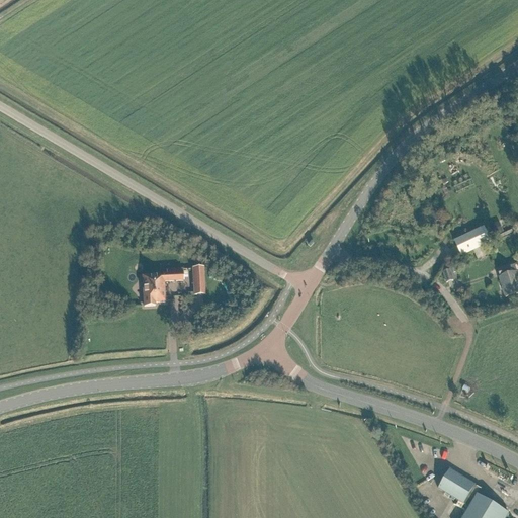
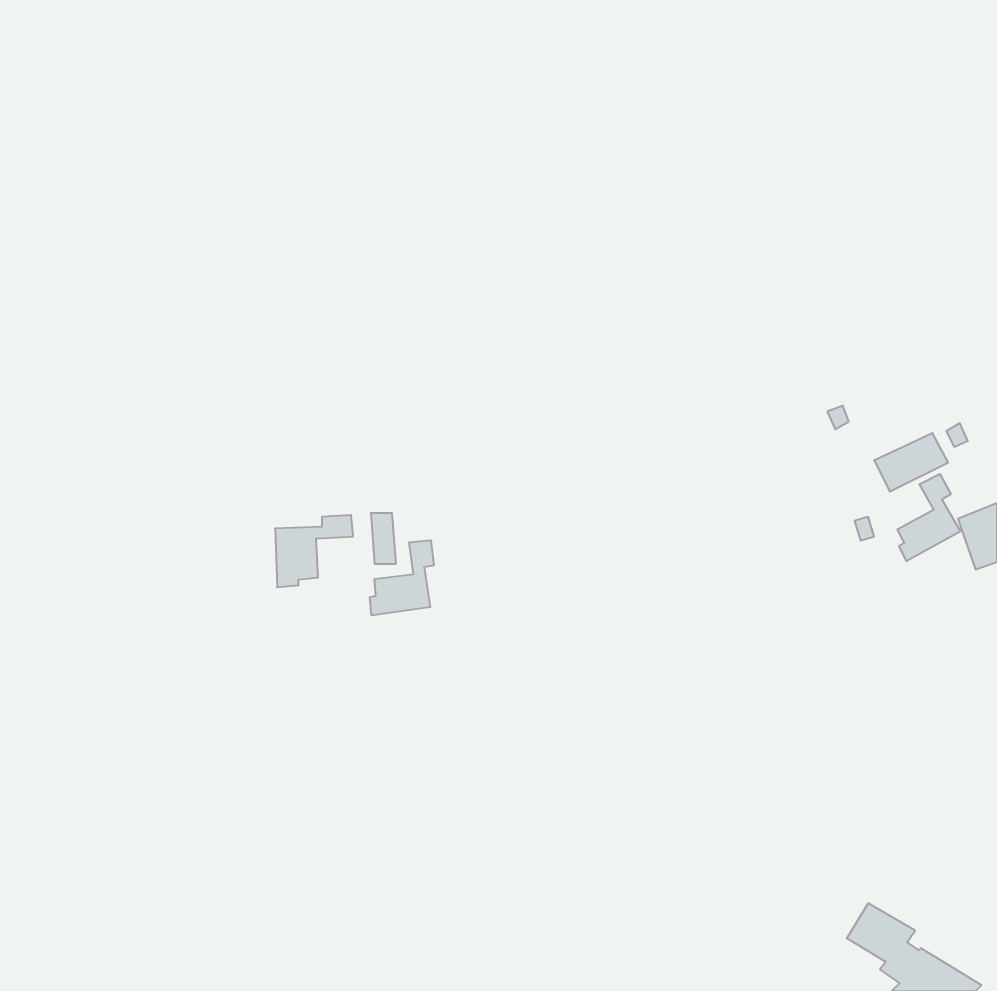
building: none -> [898,474,961,561]
building: none -> [370,540,434,615]

